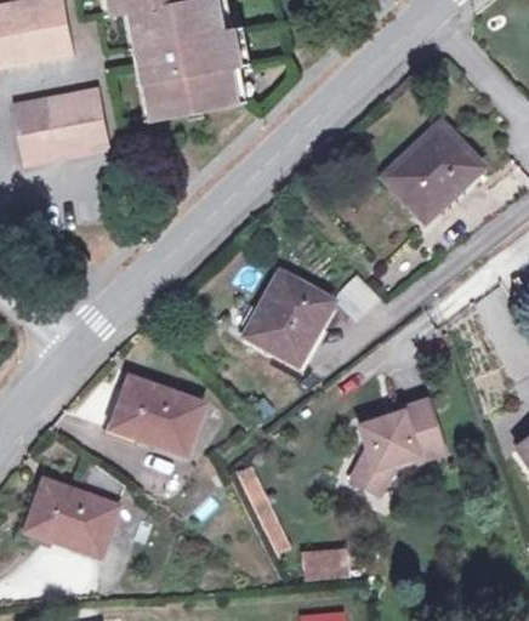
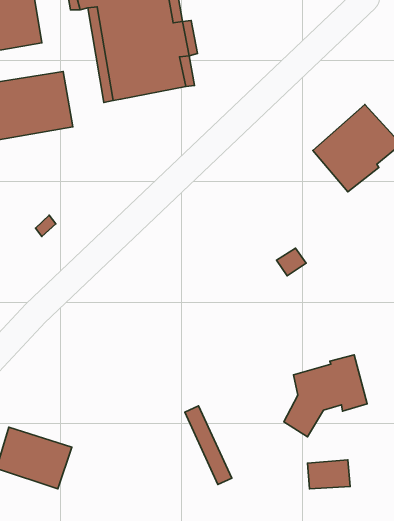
building: [241,272,330,361] -> none
building: [115,382,204,455] -> none
building: [301,547,349,580] -> [307,460,350,489]

